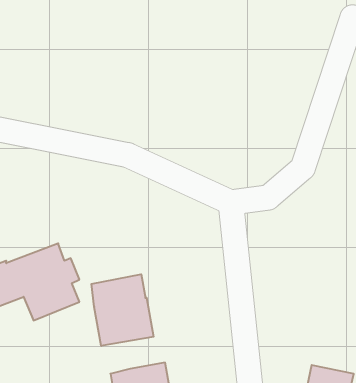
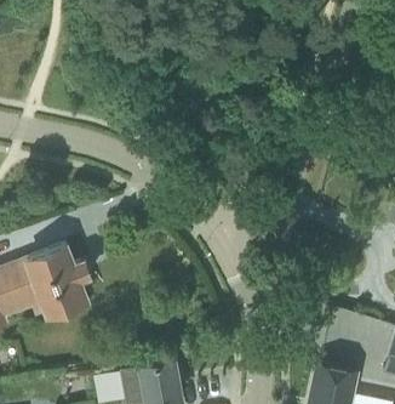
building: [91,274,154,346] -> none

